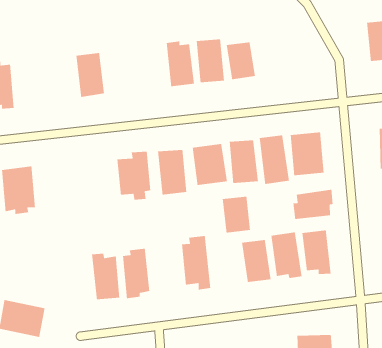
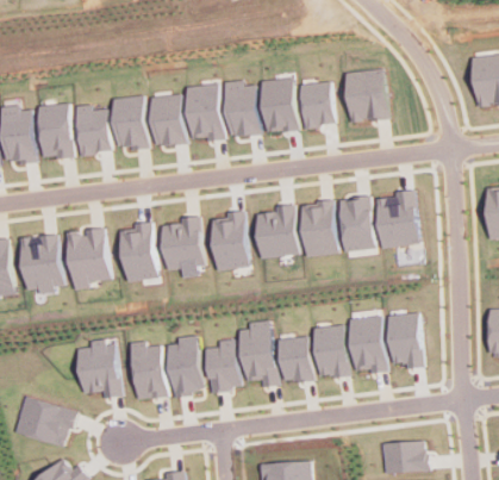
building: none -> [343,68,386,121]
building: none -> [183,82,223,141]
building: none -> [149,93,185,147]
building: none -> [38,102,75,160]
building: none -> [75,104,111,155]
building: none -> [121,222,160,285]
building: none -> [67,227,110,288]
building: [293,189,334,220] -> none
building: [222,196,251,233] -> [280,336,316,382]
building: none -> [79,338,123,398]
building: none -> [206,338,242,392]

